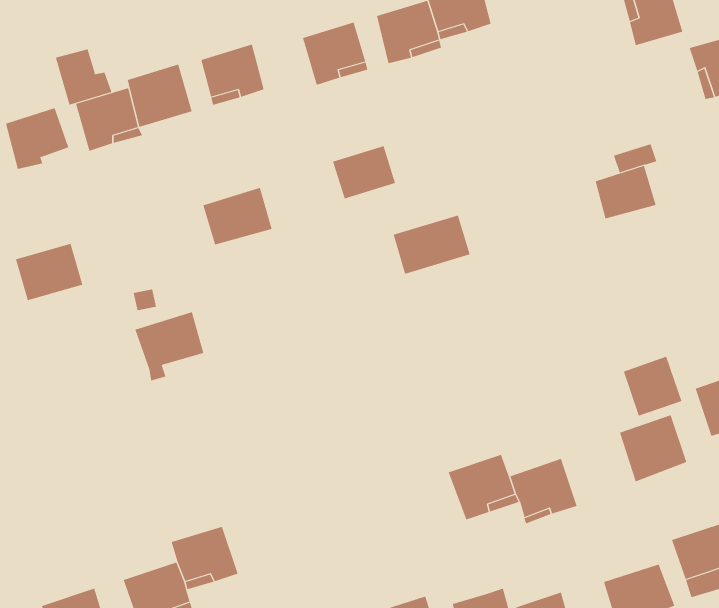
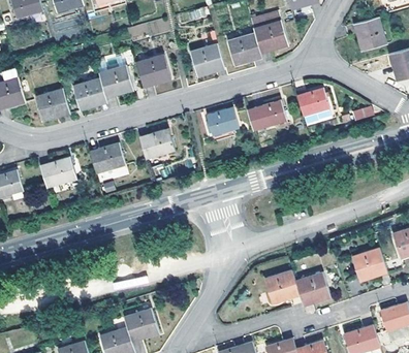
building: [55,49,112,105] -> none
building: [595,165,657,219] -> [296,89,328,117]
building: [393,215,470,274] -> [246,100,286,131]
building: [135,311,204,381] -> [89,143,125,180]
building: [623,356,682,417] -> none

